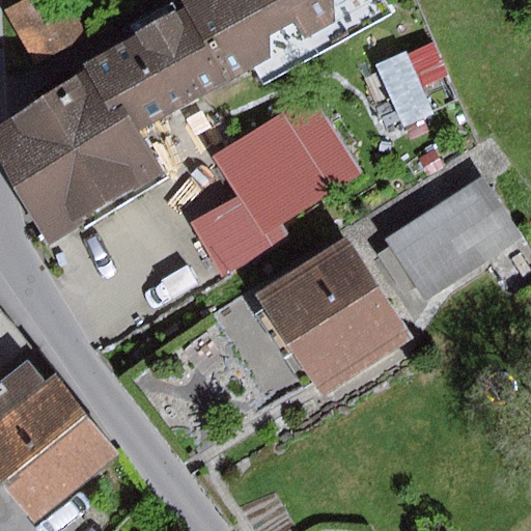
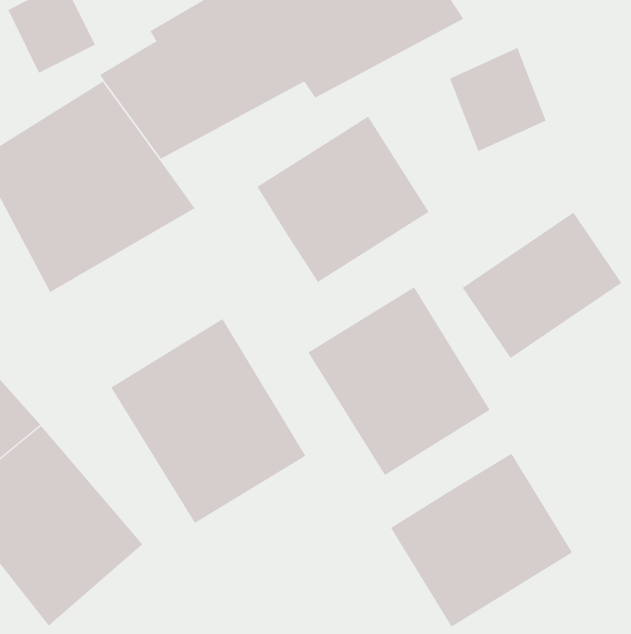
building: [188,194,270,275] -> none
building: none -> [111,318,306,524]
building: none -> [390,453,573,627]

